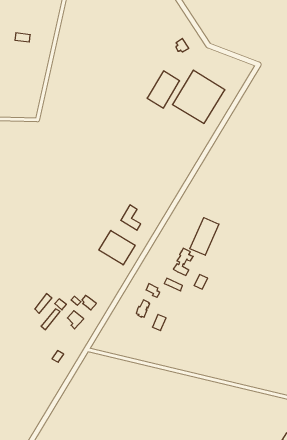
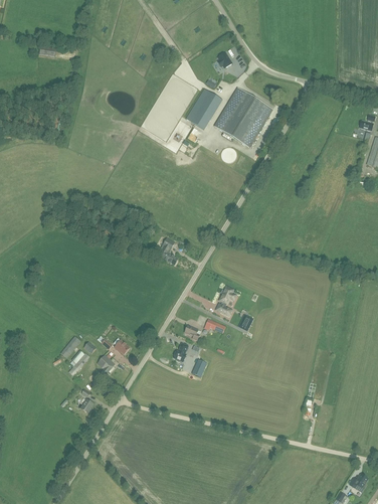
building: [190,218,219,255] -> none
building: [99,230,135,265] -> none

